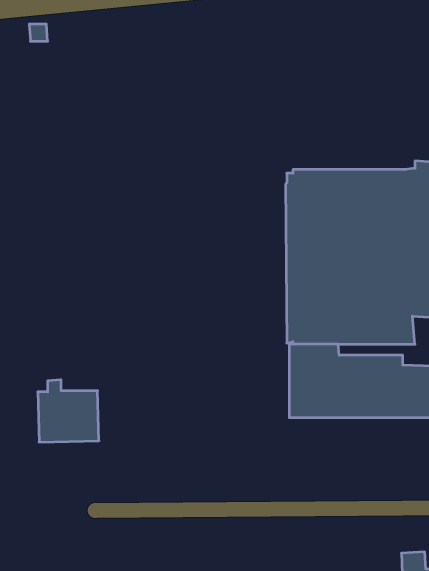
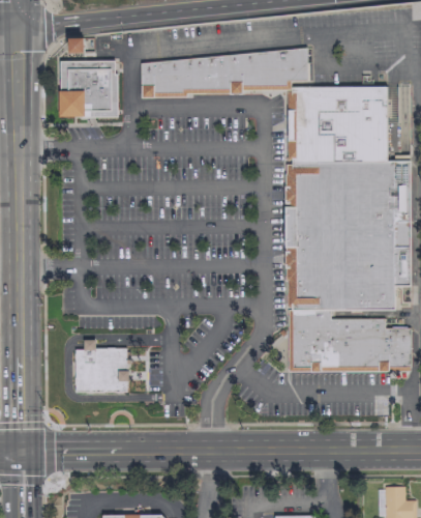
building: none -> [141,46,387,161]
building: none -> [60,60,118,117]

